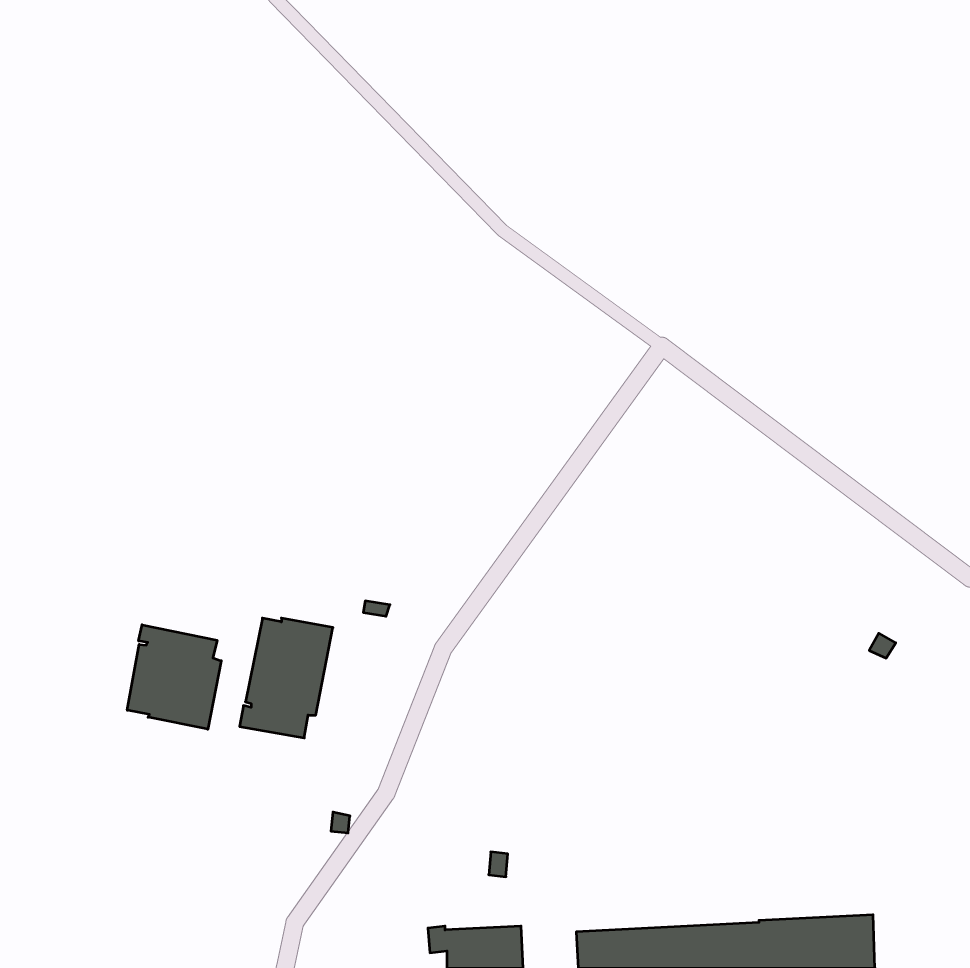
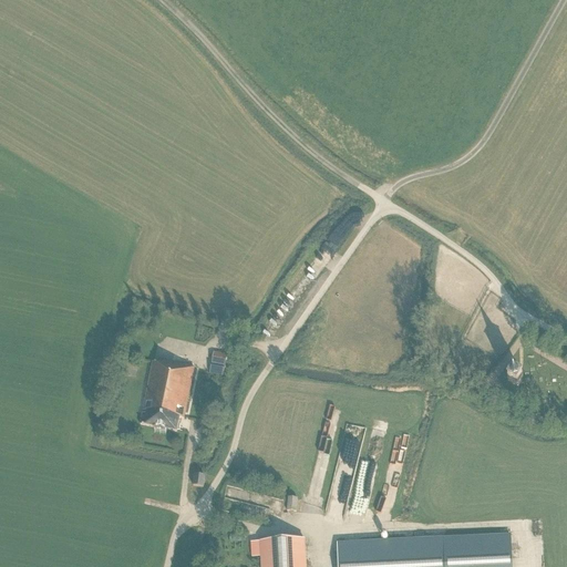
building: [127,625,221,729] -> none

